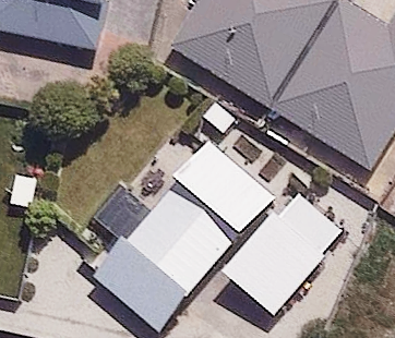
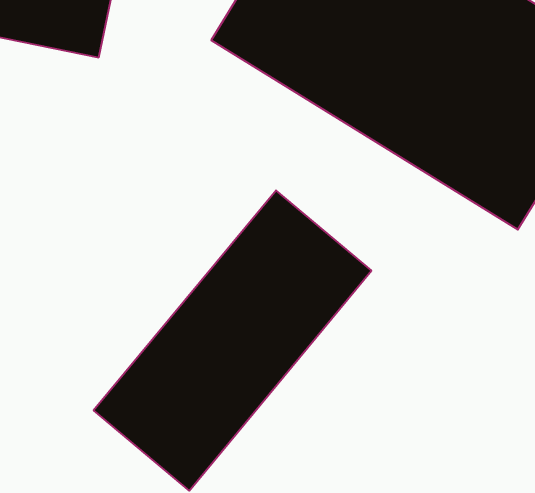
building: [229,193,342,312] -> none

